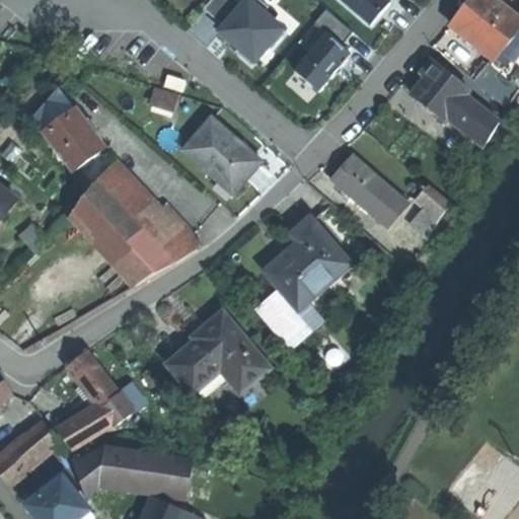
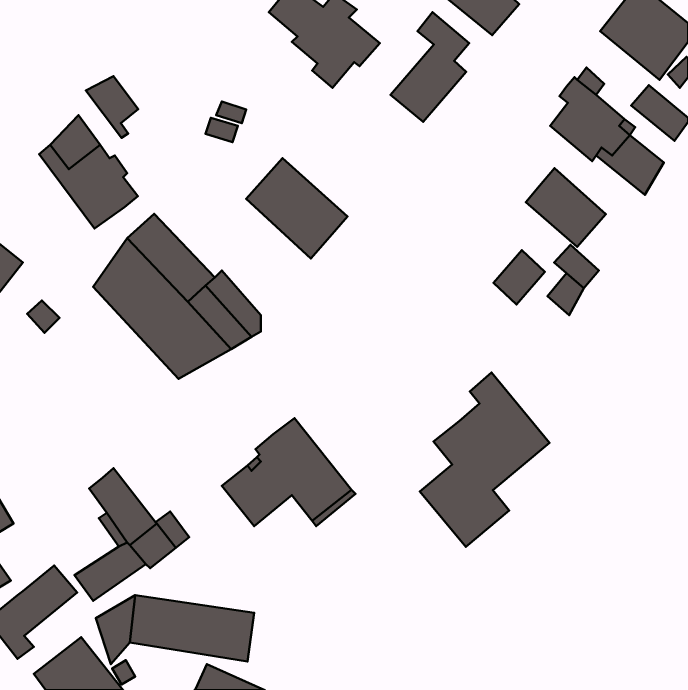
building: none -> [86,76,138,138]
building: [331,153,391,212] -> [526,168,606,247]
building: [254,218,352,349] -> [420,372,550,547]

